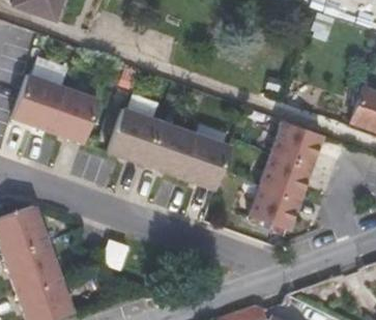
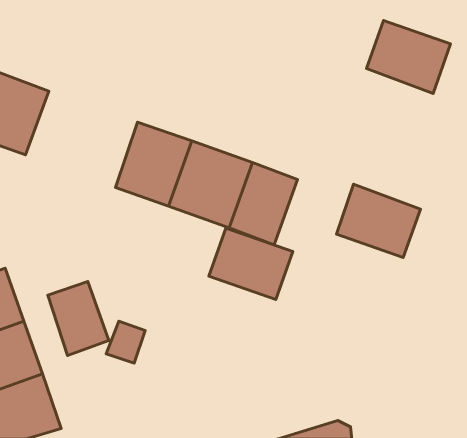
building: [49,87,99,142] -> none
building: [267,117,323,166] -> [366,20,450,94]
building: [244,182,300,230] -> [209,228,293,300]
building: none -> [48,282,109,355]

